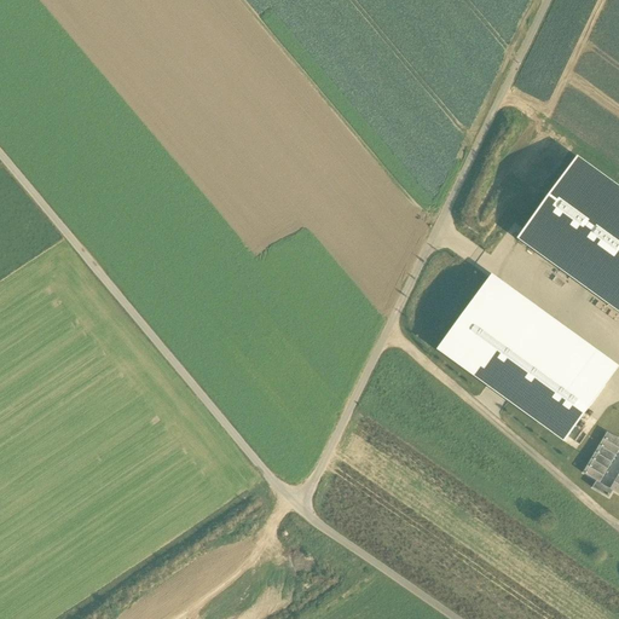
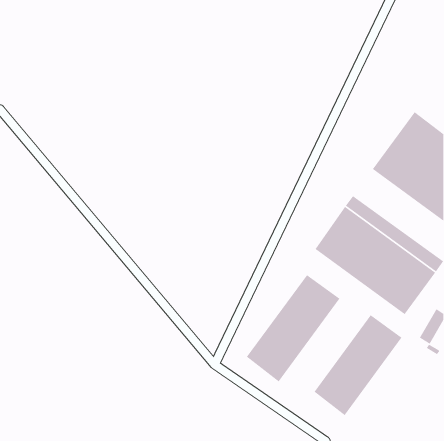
building: none -> [246,274,340,382]
building: none -> [313,314,403,416]

